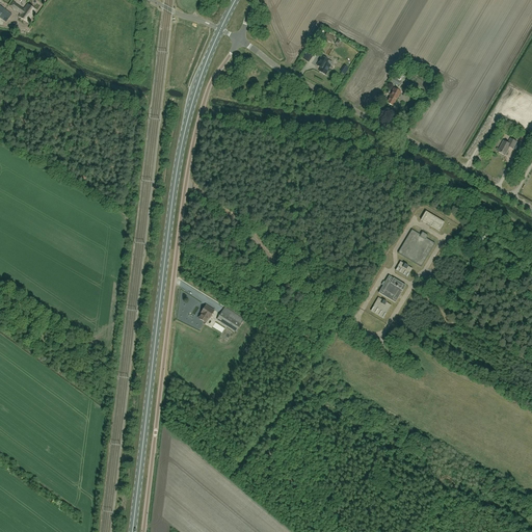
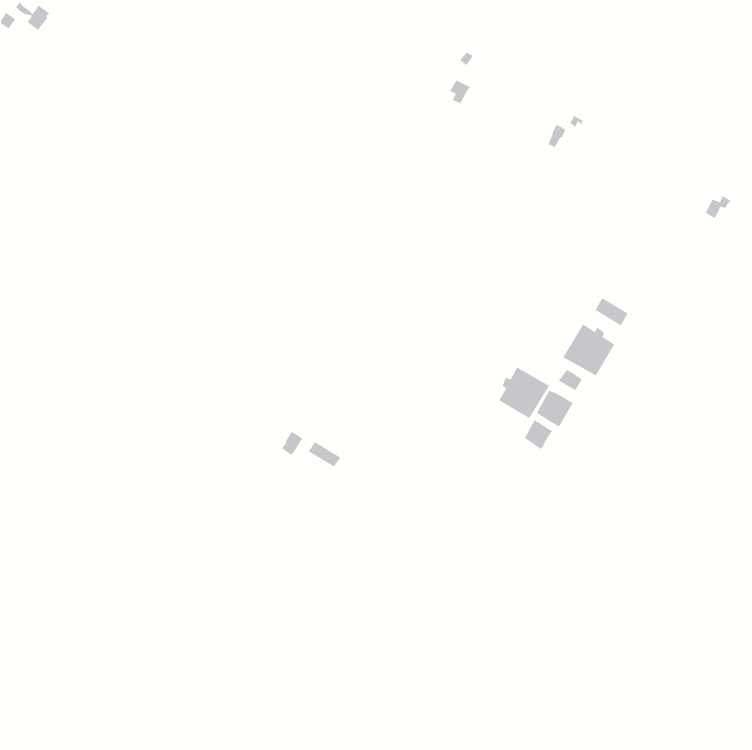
building: none -> [498,367,550,419]

